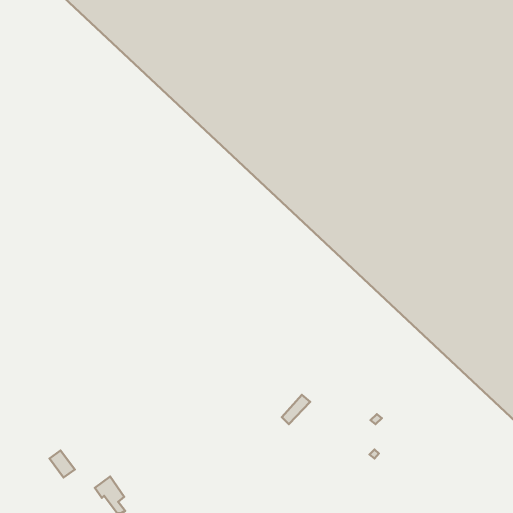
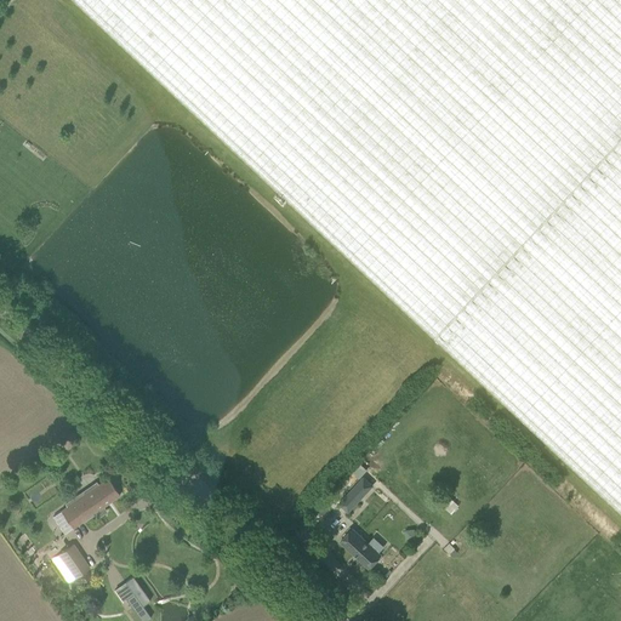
building: none -> [64,473,124,523]
building: none -> [344,525,384,564]

